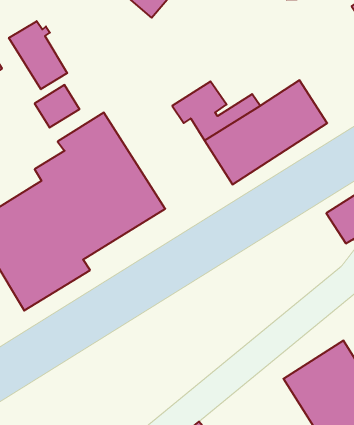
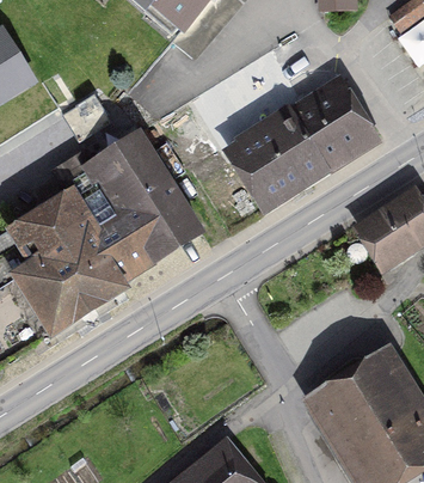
building: [9,21,67,89] -> none

